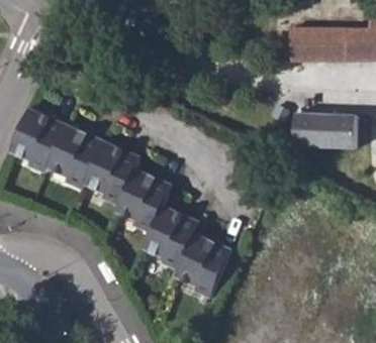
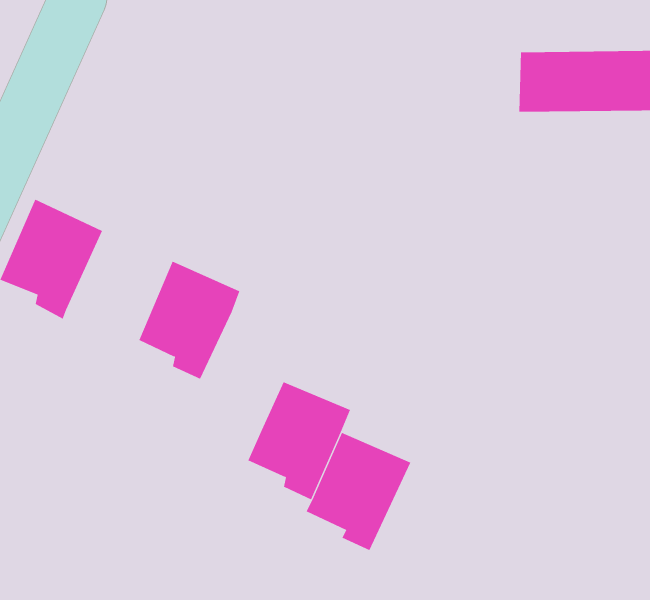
building: [294,113,355,146] -> none
building: [46,124,103,188] -> none
building: [116,167,172,231] -> none

